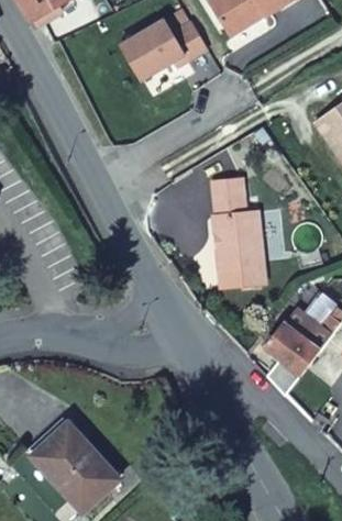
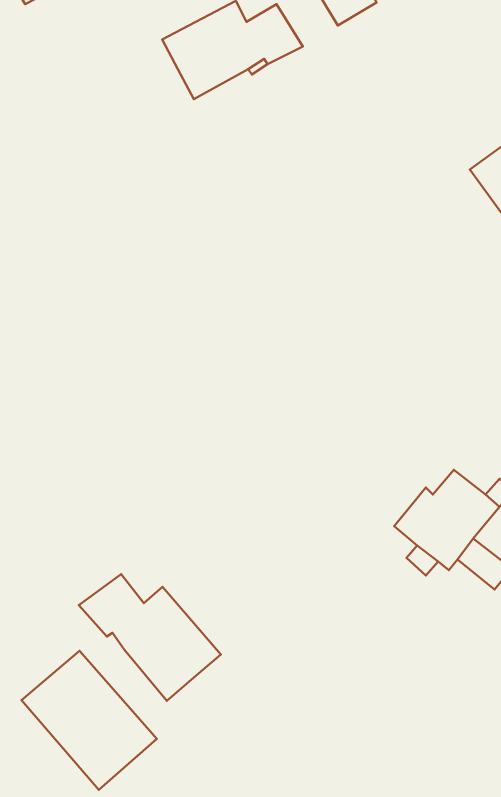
building: [208,181,265,291] -> none
building: none -> [79,574,221,701]

